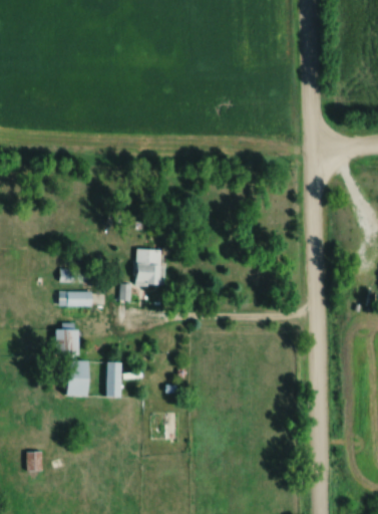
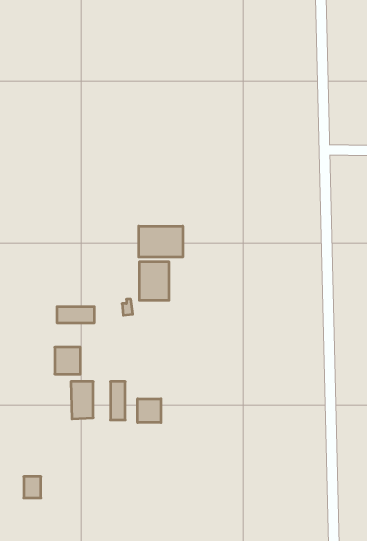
building: none -> [139,226,183,257]
building: none -> [138,399,161,423]

